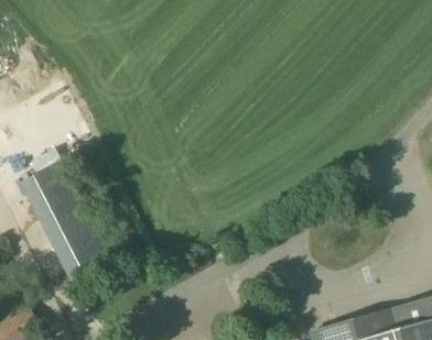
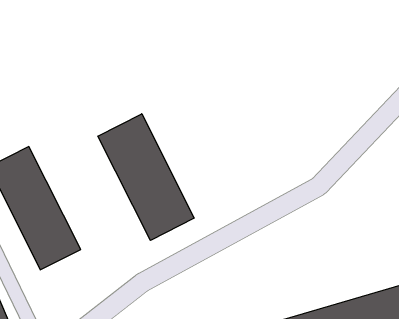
building: none -> [98,114,194,240]

